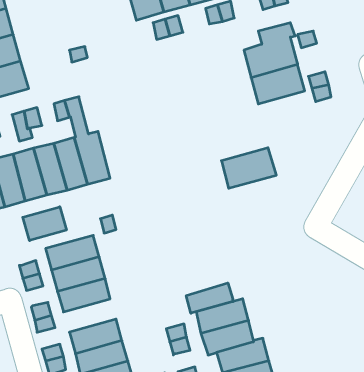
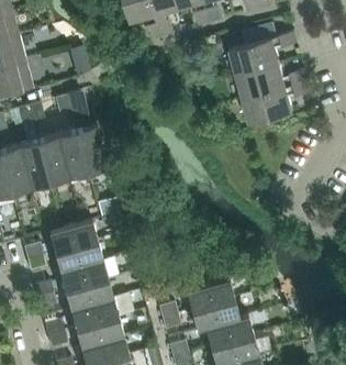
building: [221,148,276,188] -> [243,87,293,124]
building: [23,207,66,241] -> none
building: [186,283,233,313] -> none
building: none -> [64,278,112,309]

